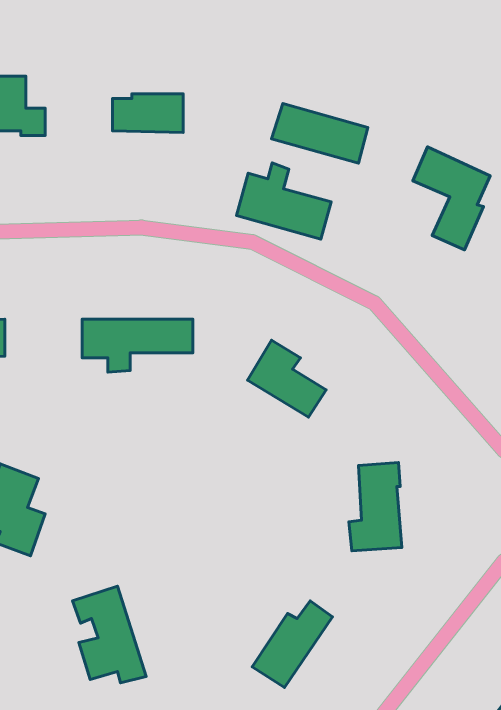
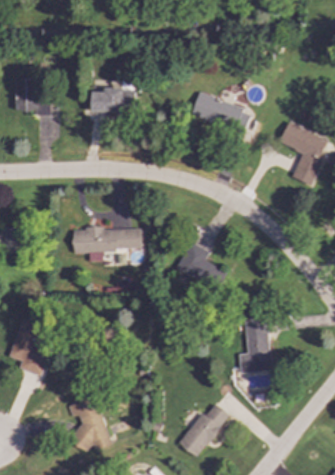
building: [237,163,331,239] -> none

